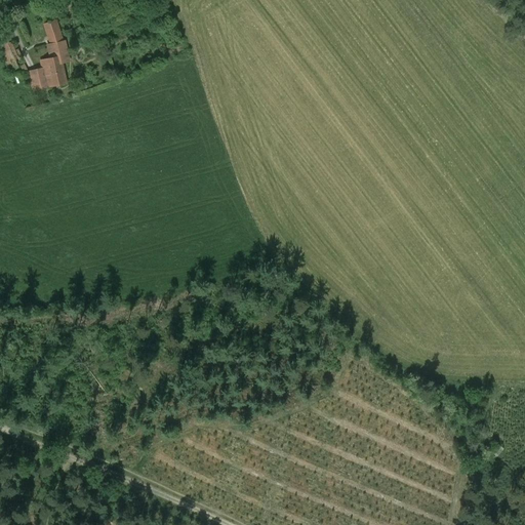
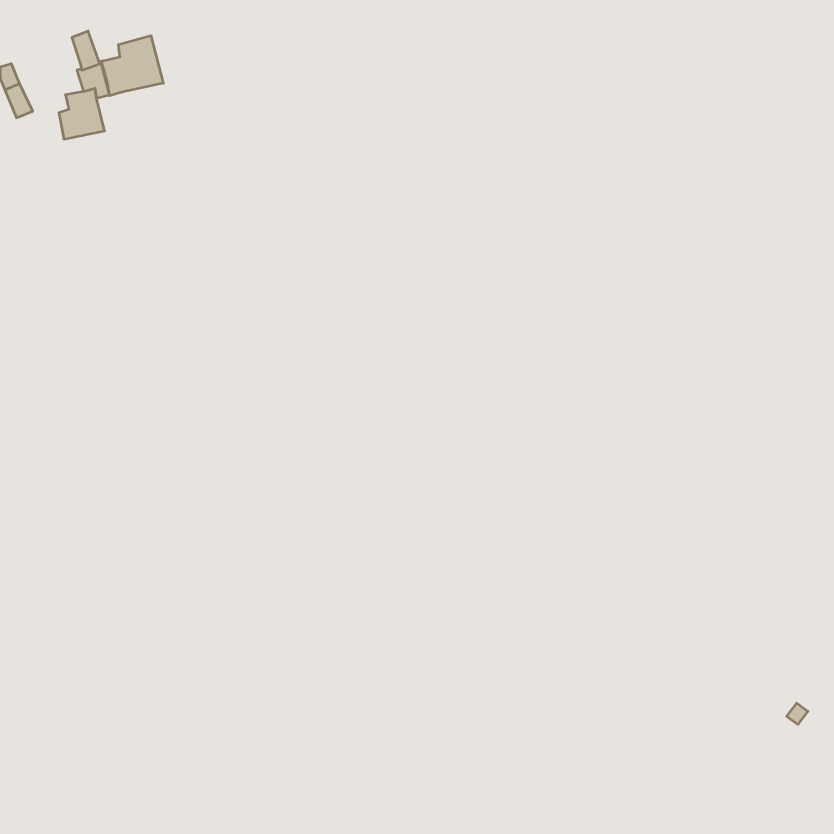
building: none -> [101,36,163,96]

